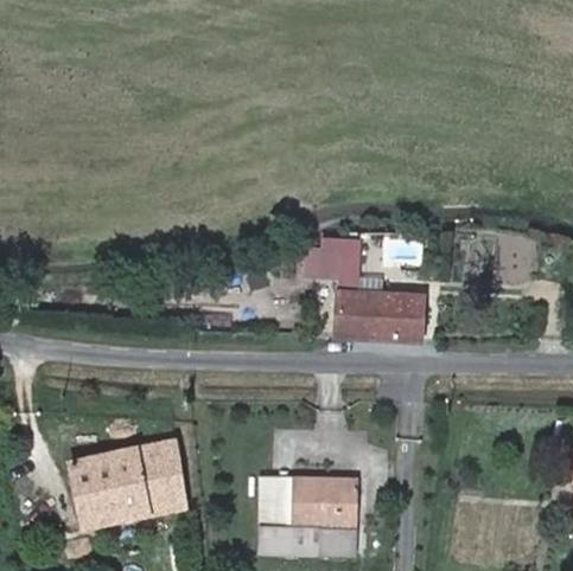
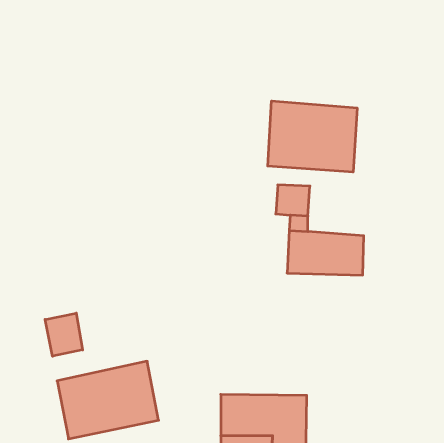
building: none -> [268,101,357,172]
building: none -> [45,313,83,356]

